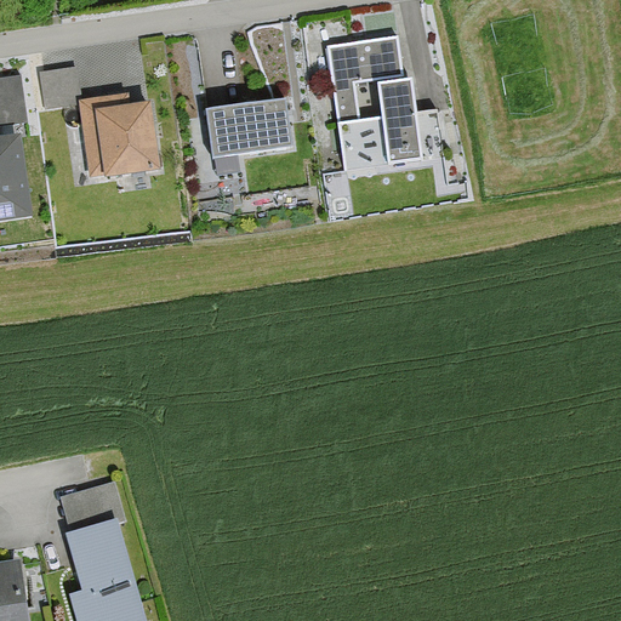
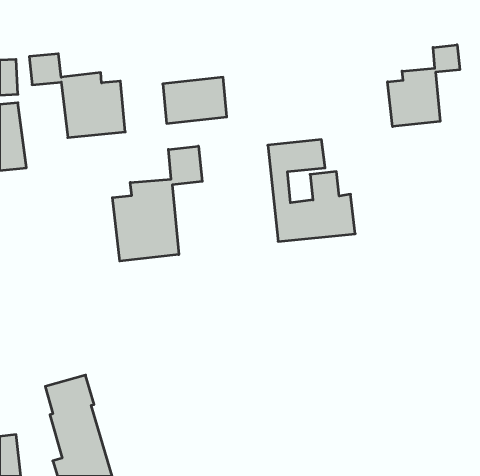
building: [326,39,439,170] -> [268,140,355,241]
building: none -> [388,45,460,127]
building: none -> [112,146,202,261]

